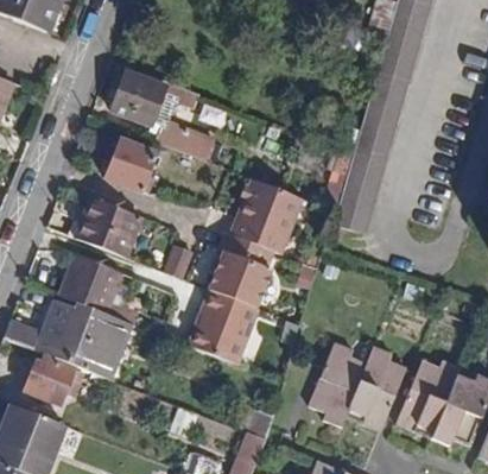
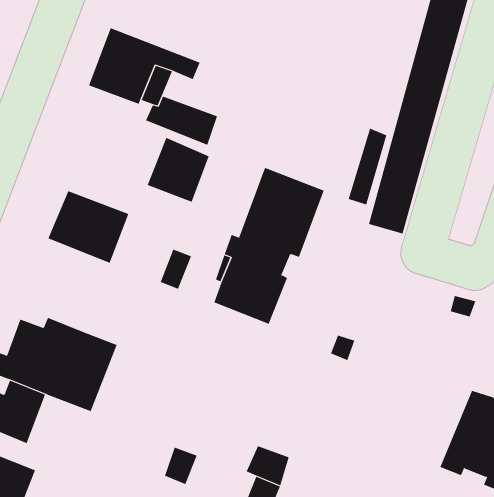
building: [103,137,154,190] -> [147,137,210,203]
building: [58,253,121,312] -> none
building: [190,289,260,364] -> none
building: [308,341,406,430] -> none

